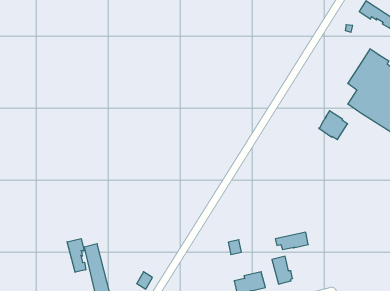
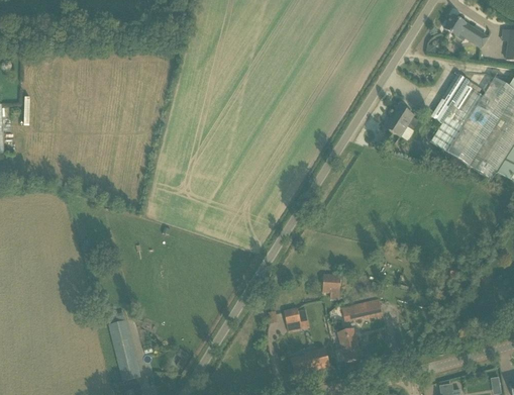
building: [319,111,348,140] -> [385,105,420,140]
building: none -> [322,274,340,299]
building: [67,239,86,272] -> none

